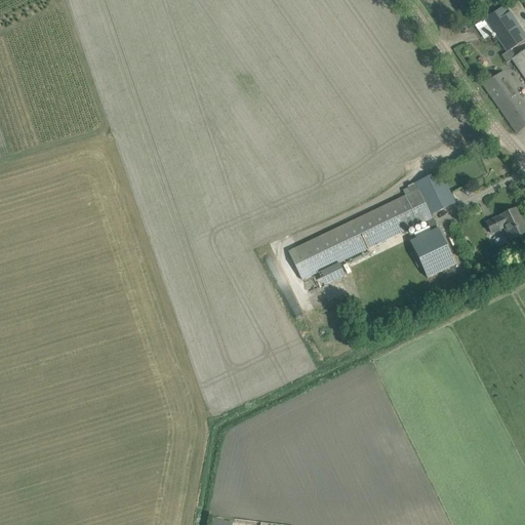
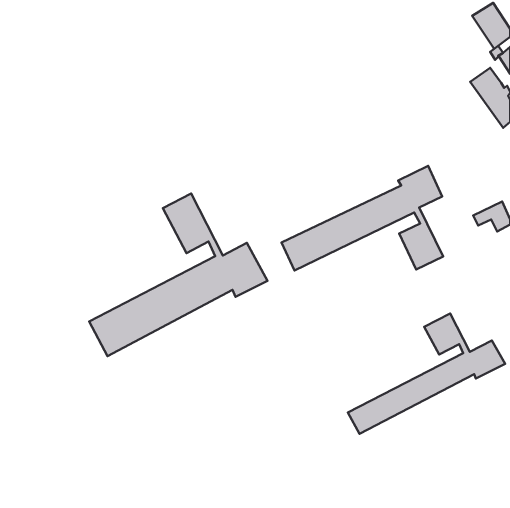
building: none -> [89,193,267,356]
building: none -> [348,313,505,434]

